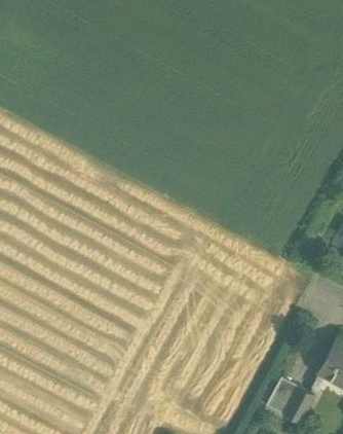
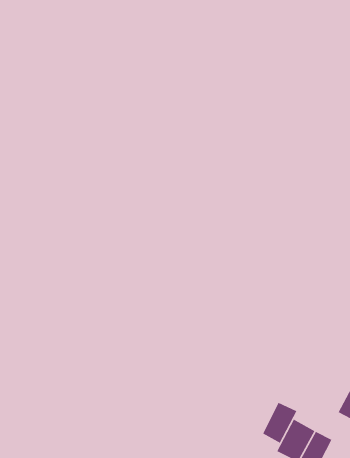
building: none -> [262,402,297,444]

